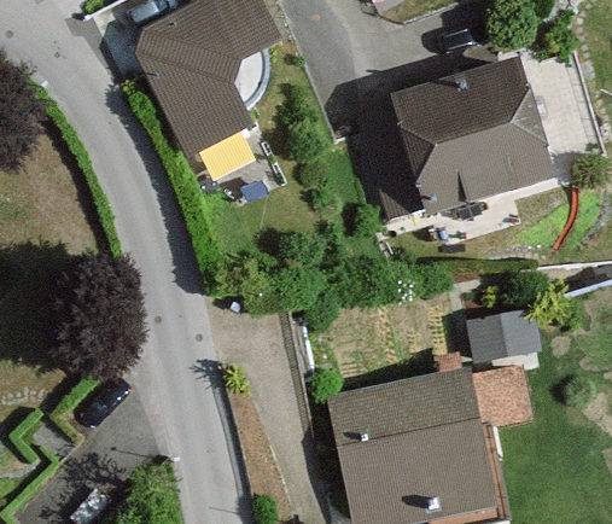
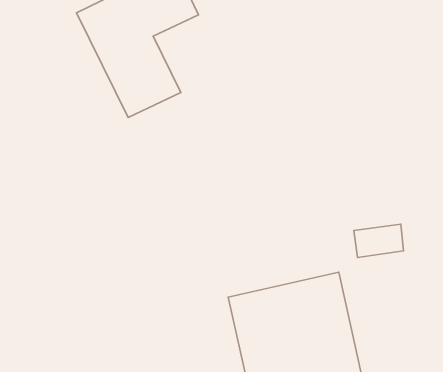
building: [368,60,563,220] -> none

